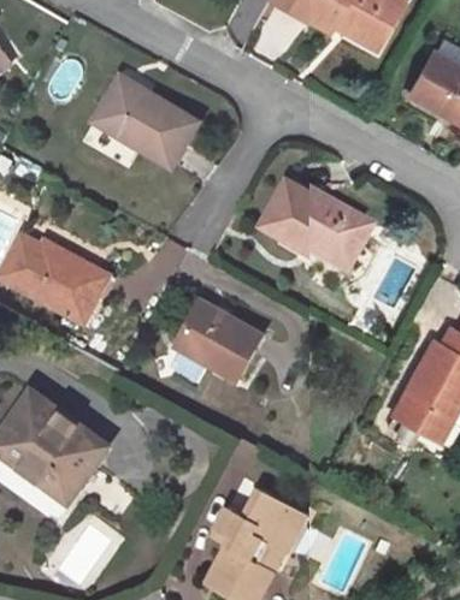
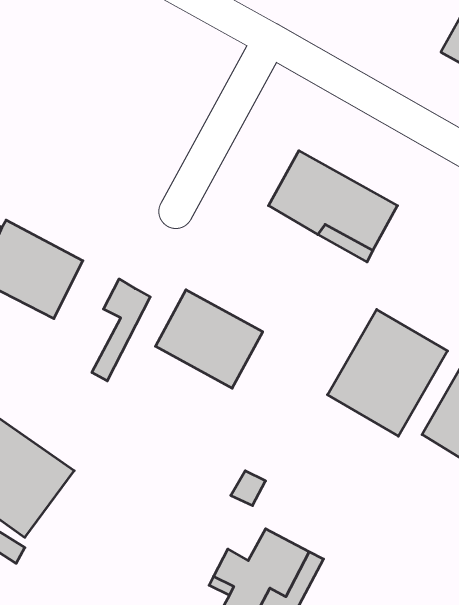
building: [96,76,202,165] -> none
building: none -> [92,279,150,381]
building: none -> [327,309,448,436]

